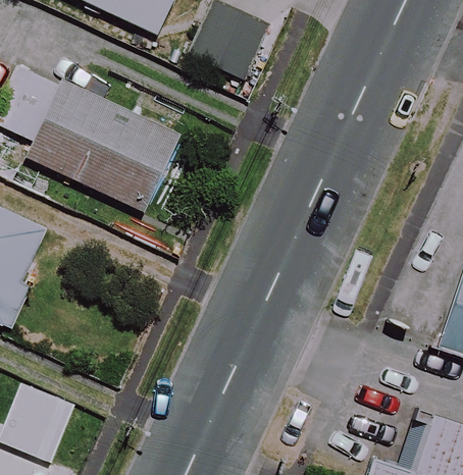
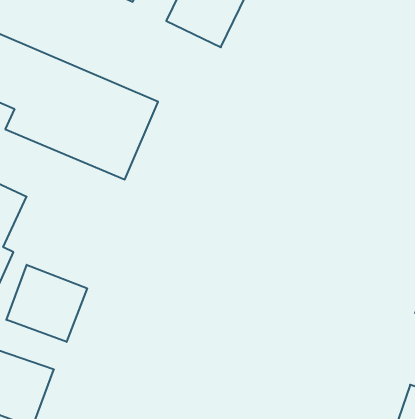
building: none -> [6,265,87,342]

